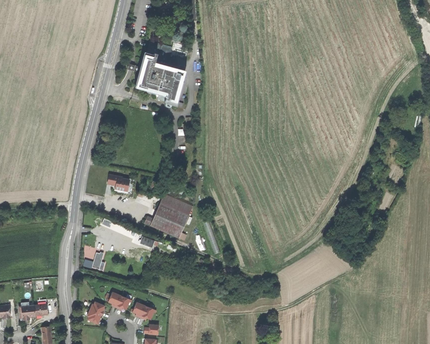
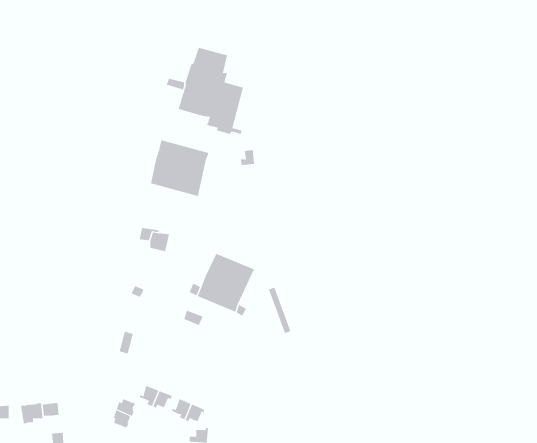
building: none -> [150,140,209,197]

